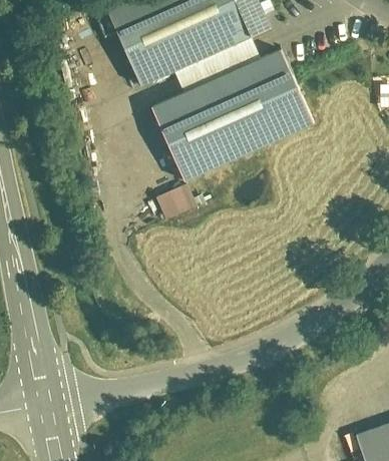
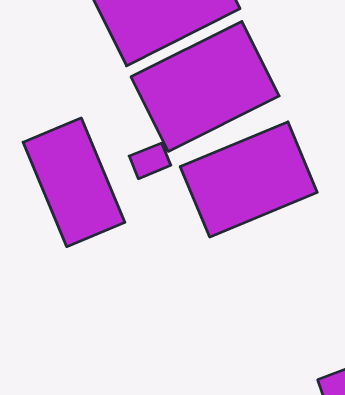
building: none -> [23,118,125,247]
building: none -> [180,122,317,237]

